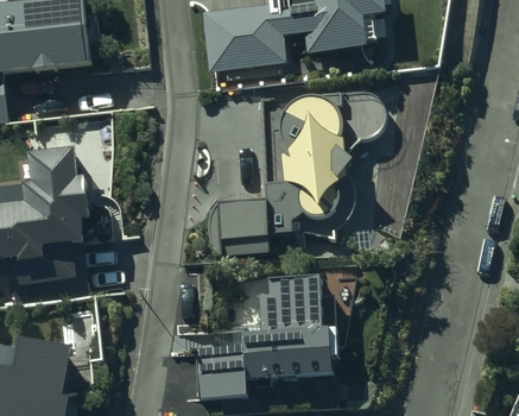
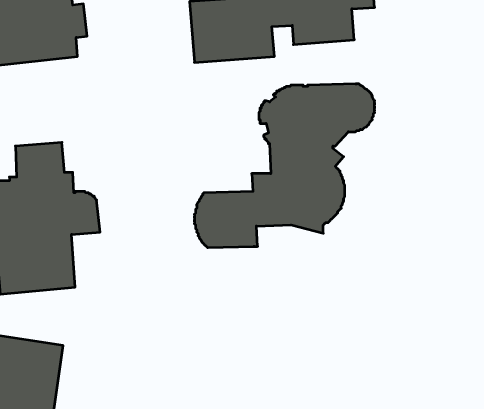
building: [196,277,337,398] -> none

